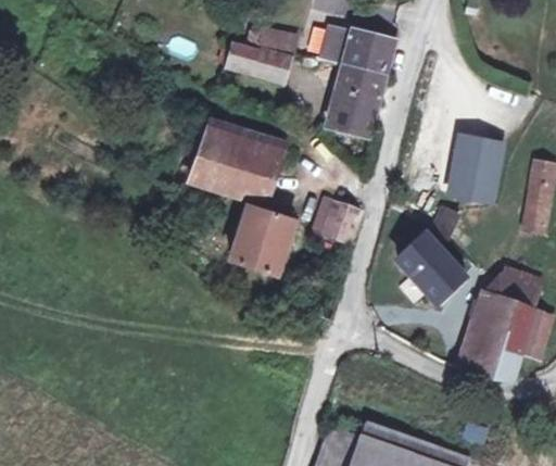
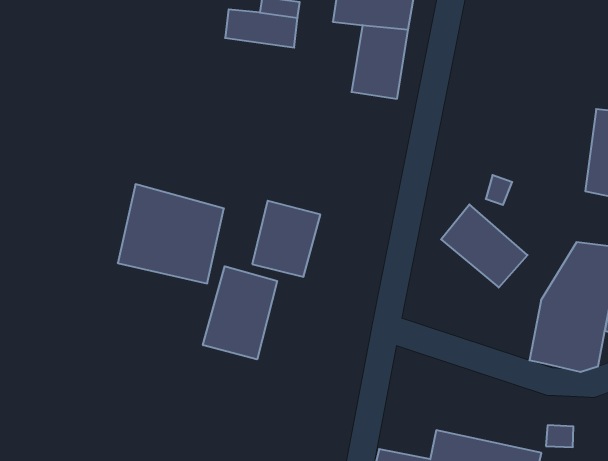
building: [189,118,283,209] -> [118,184,224,283]
building: [447,136,501,198] -> none
building: [321,200,361,245] -> none
building: none -> [203,266,277,359]

